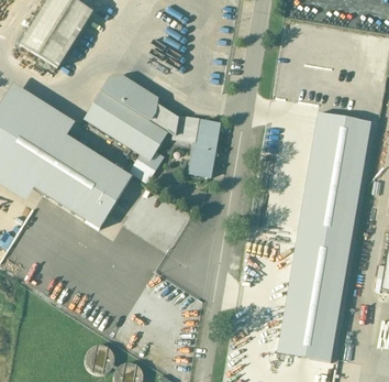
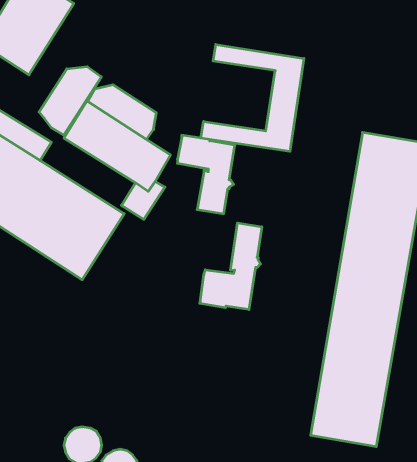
building: none -> [201,44,304,151]
building: none -> [39,67,101,135]
building: [149,102,177,133] -> none
building: none -> [200,223,262,310]

